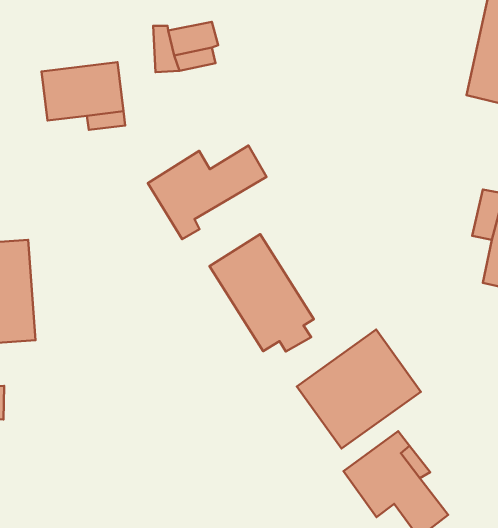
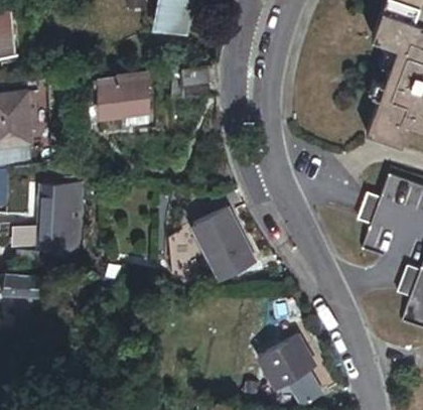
building: [148,146,266,239] -> none
building: [297,330,421,449] -> none

